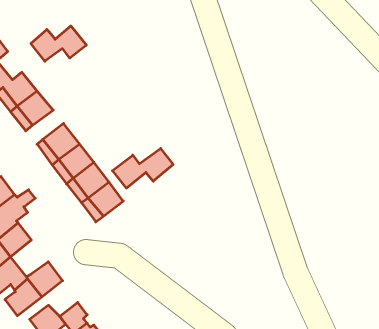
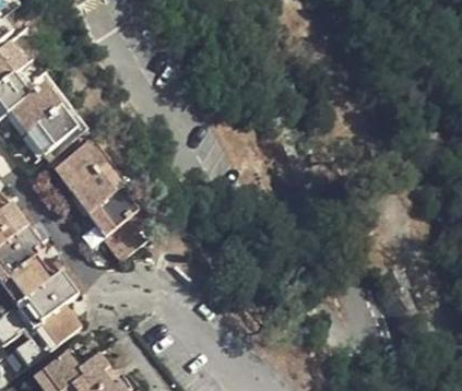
building: [31,26,86,61] -> none
building: [112,148,173,188] -> none
building: none -> [23,275,79,324]

